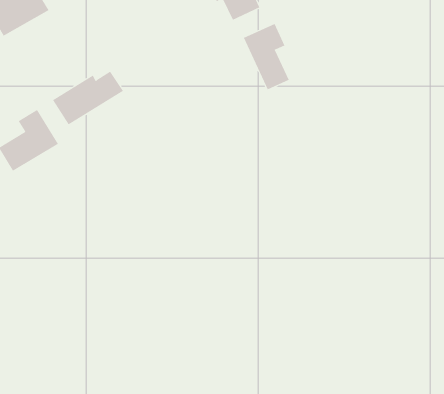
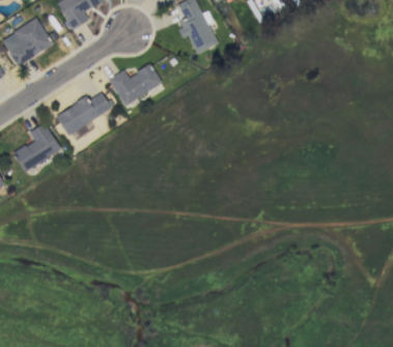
building: [243,23,289,90] -> none
building: none -> [108,64,162,107]

